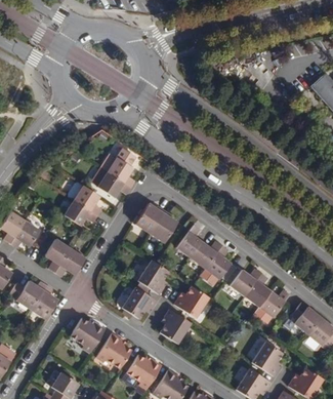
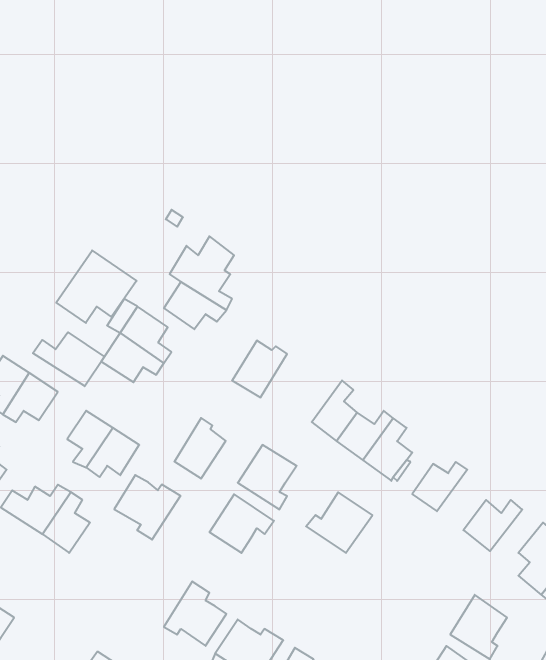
building: none -> [56,250,137,323]
building: none -> [33,332,104,386]
building: [150,209,177,242] -> [174,418,226,479]
building: [245,272,272,305] -> none
building: [160,307,192,343] -> none
building: [70,317,106,352] -> [114,475,181,540]

